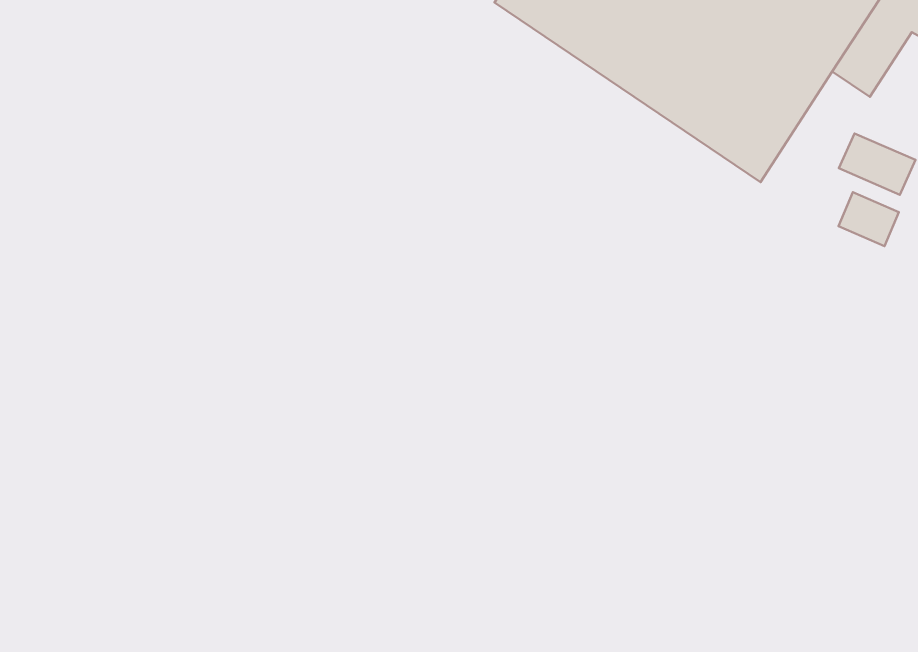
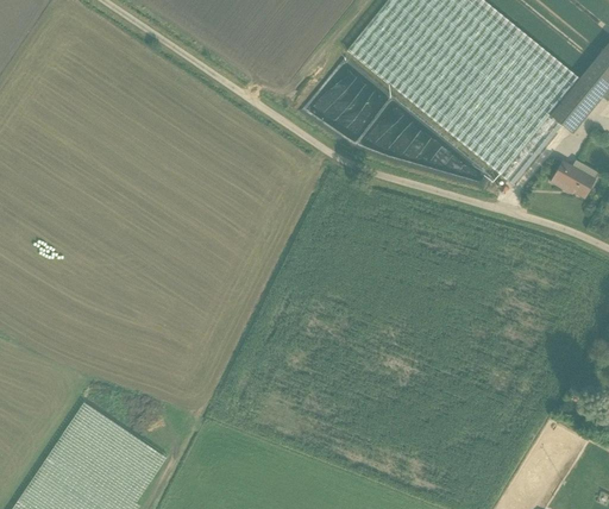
building: [839,192,899,246] -> none

